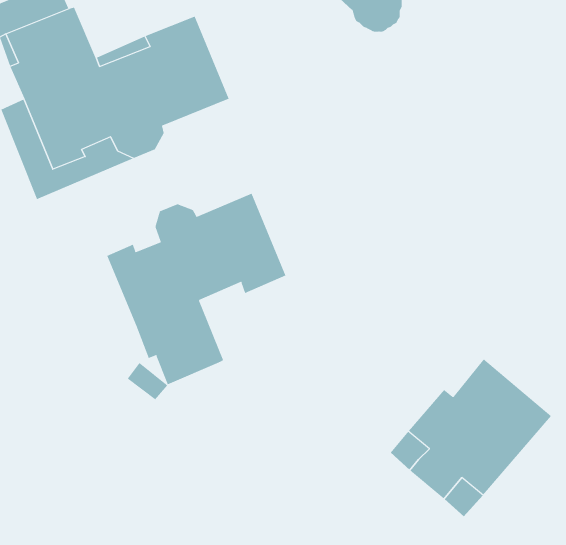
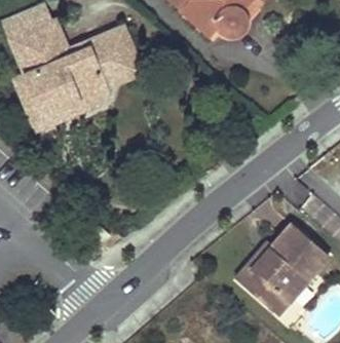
building: [107,193,286,385] -> none

